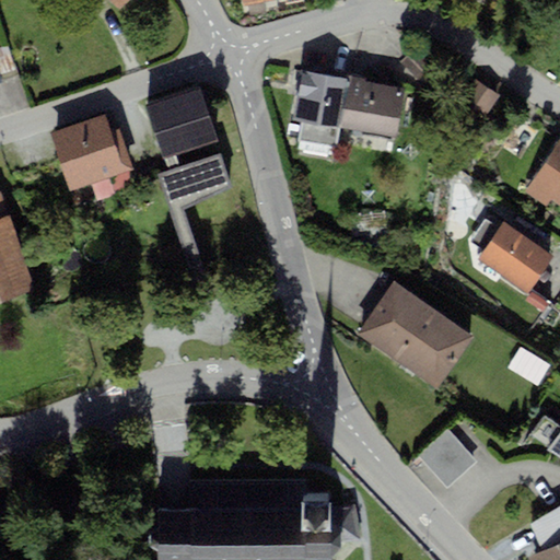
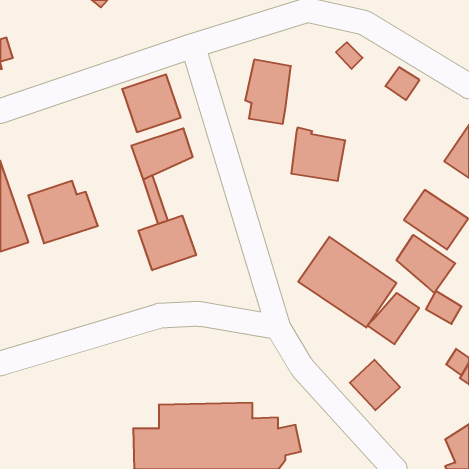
building: [340,74,405,138] -> [291,128,345,181]
building: [51,115,135,189] -> [28,181,98,243]
building: none -> [138,216,196,270]
building: none -> [396,235,455,293]
building: none -> [368,293,419,344]

